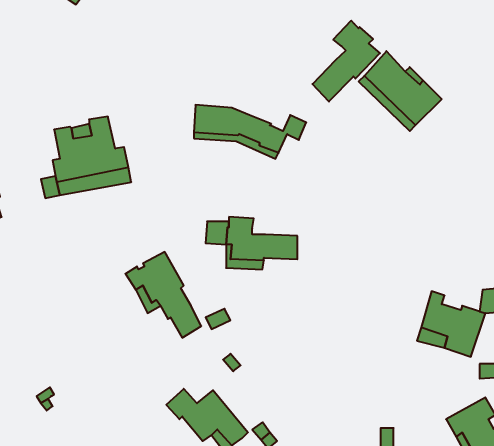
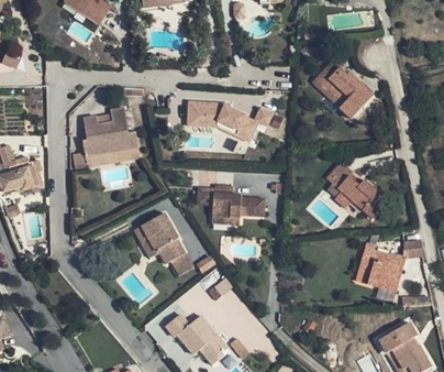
building: [312,21,380,102] -> none
building: none -> [325,164,382,219]

